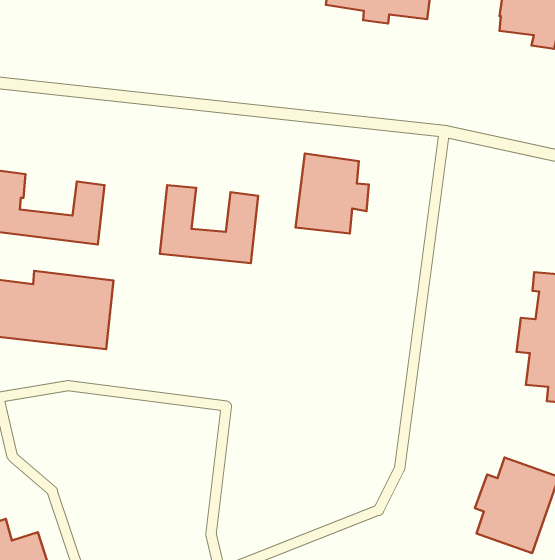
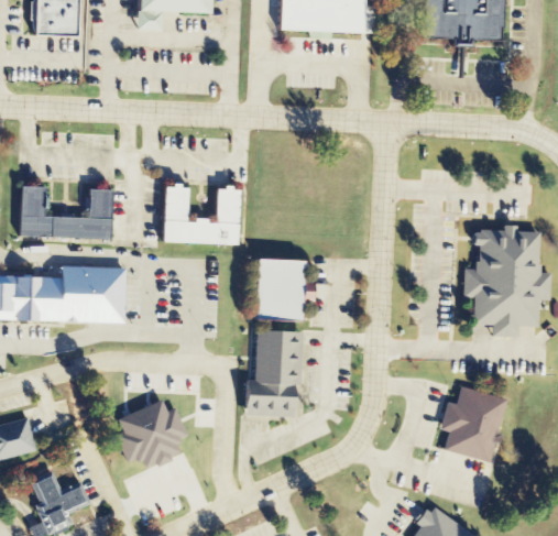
building: [296,154,369,234] -> [254,258,311,320]
building: none -> [242,329,299,416]
building: none -> [114,400,187,468]

